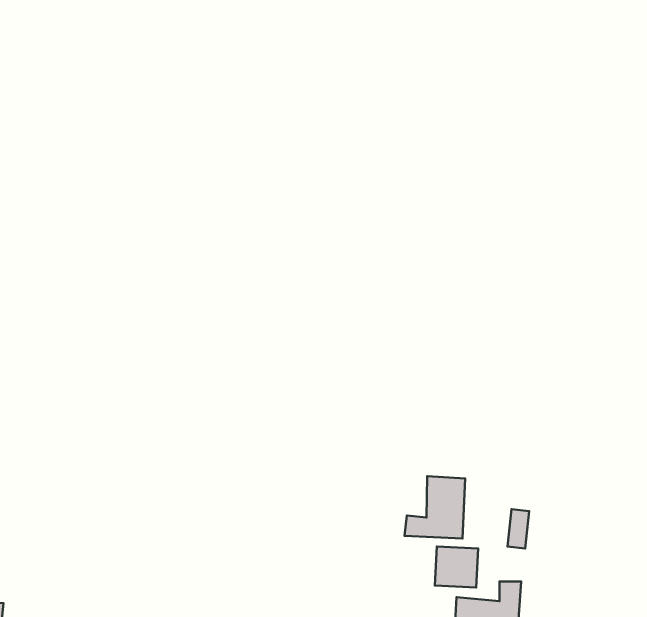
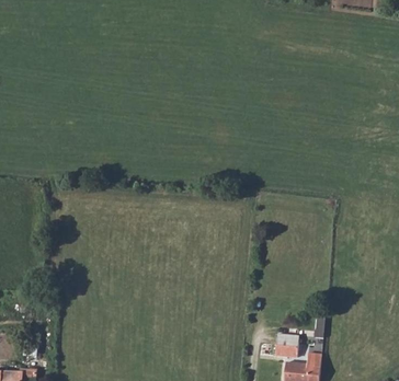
building: [404,476,465,538] -> none

